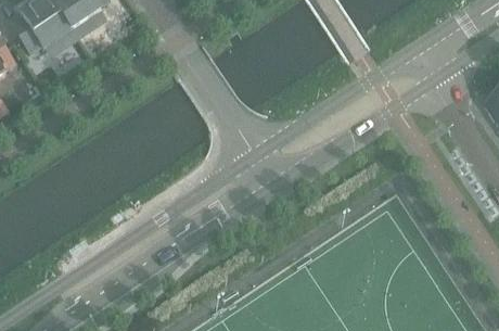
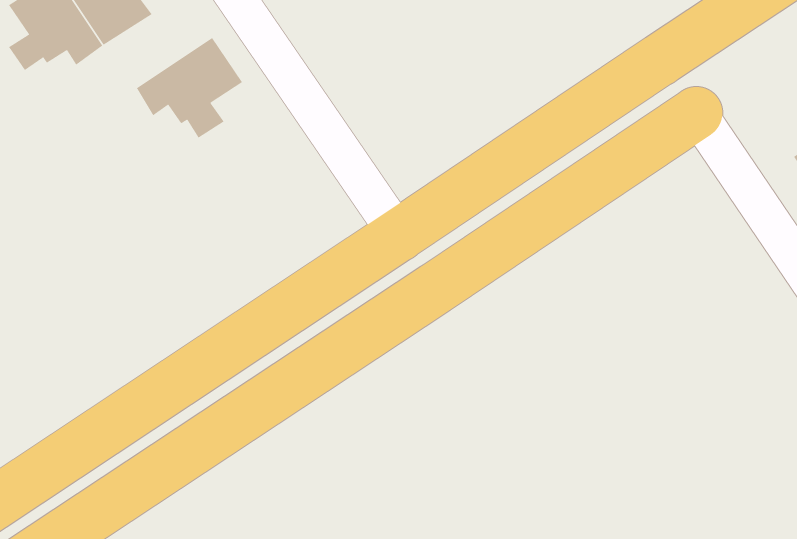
building: none -> [136,37,243,139]

